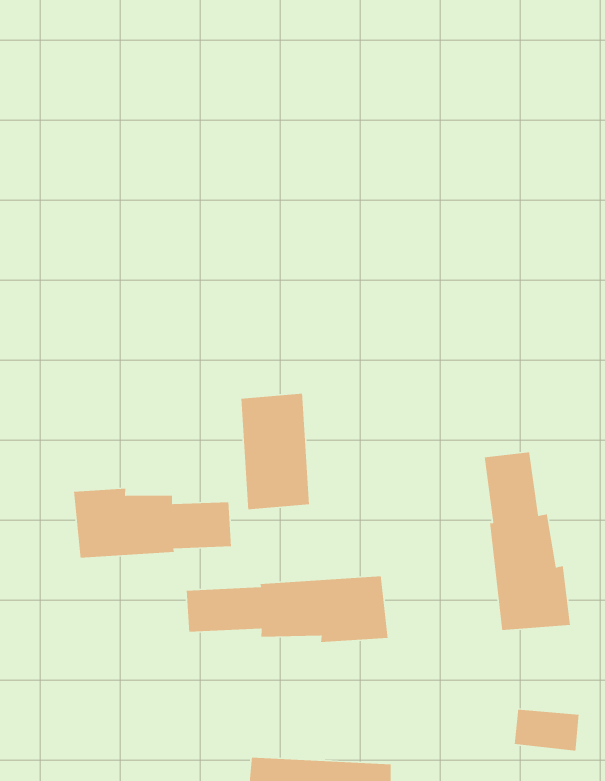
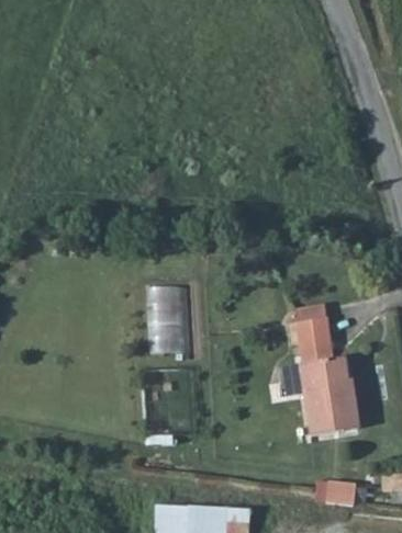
building: [73,488,232,559] -> none
building: [186,576,388,643] -> none

